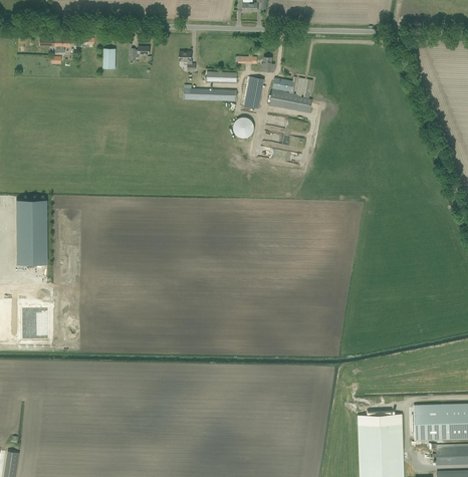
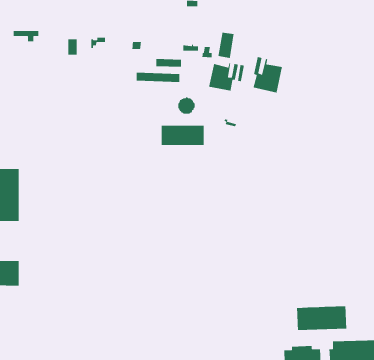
building: none -> [253,56,283,94]
building: [244,76,264,108] -> [218,32,235,59]
building: none -> [161,125,204,146]
building: none -> [296,305,347,331]

